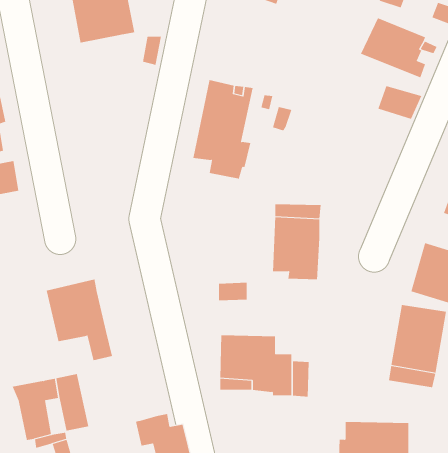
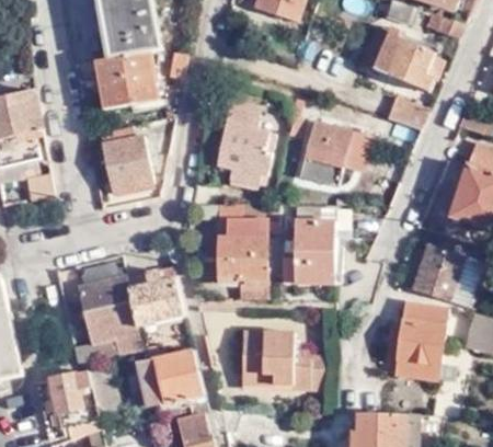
building: none -> [93,50,156,110]
building: none -> [299,124,352,187]
building: none -> [98,125,151,191]
building: none -> [216,206,276,277]
building: none -> [125,271,182,328]
building: none -> [68,332,121,364]
building: none -> [140,351,203,411]

